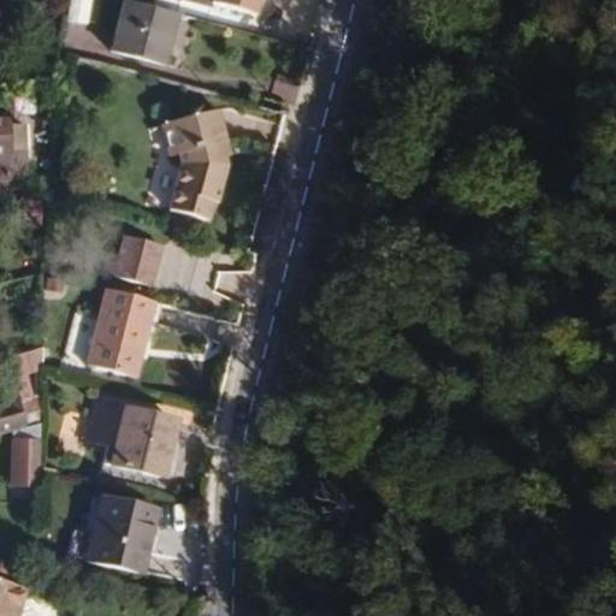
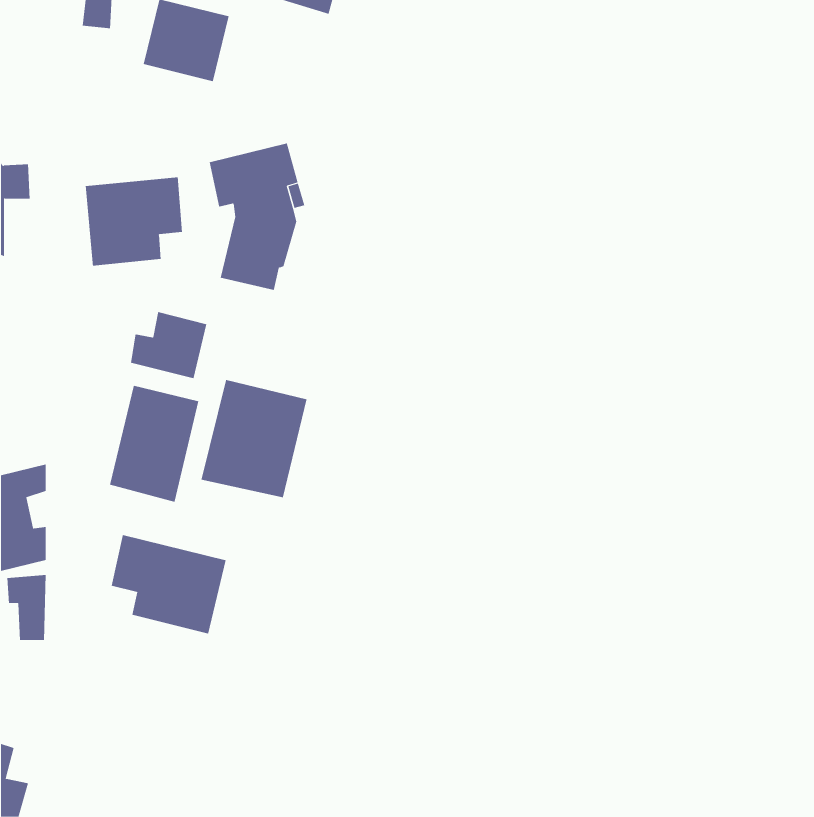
building: none -> [85,176,182,266]
building: none -> [201,379,307,498]
building: [88,497,156,569] -> none

